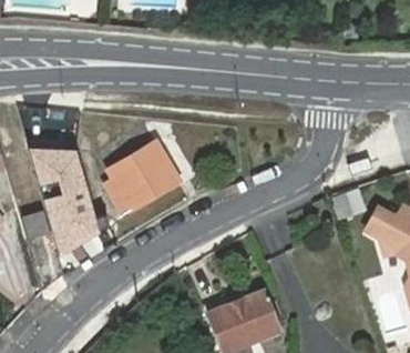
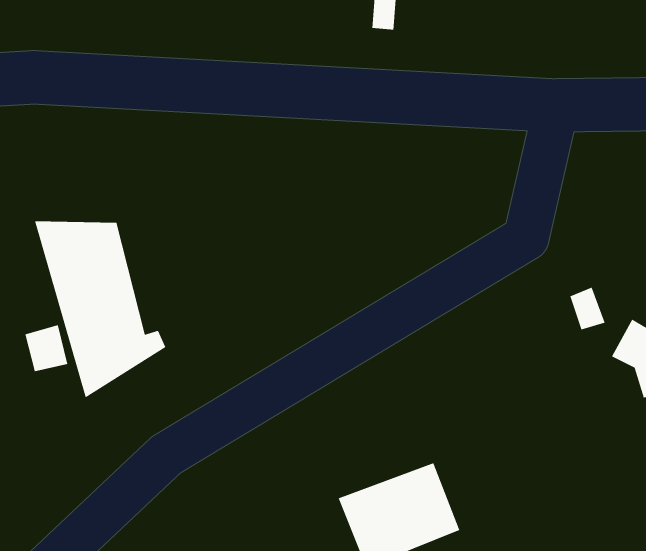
building: [104,140,178,215] -> none

